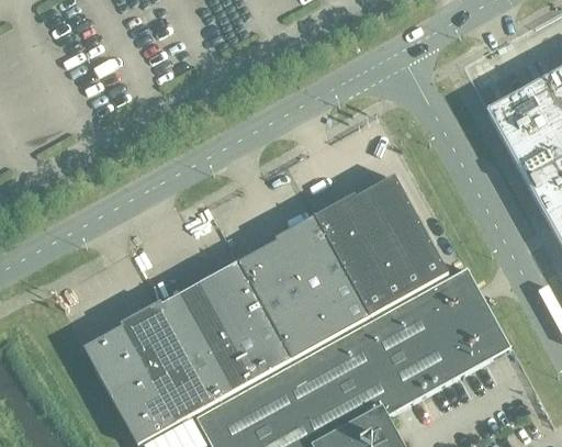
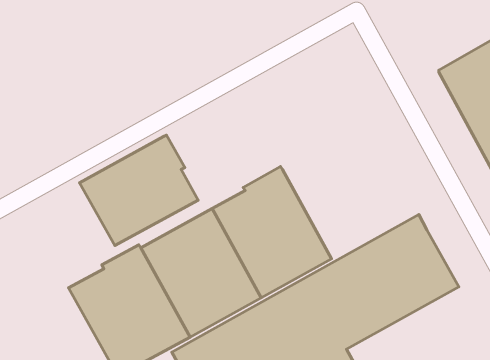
building: [316,175,449,314] -> none
building: none -> [80,135,198,246]

